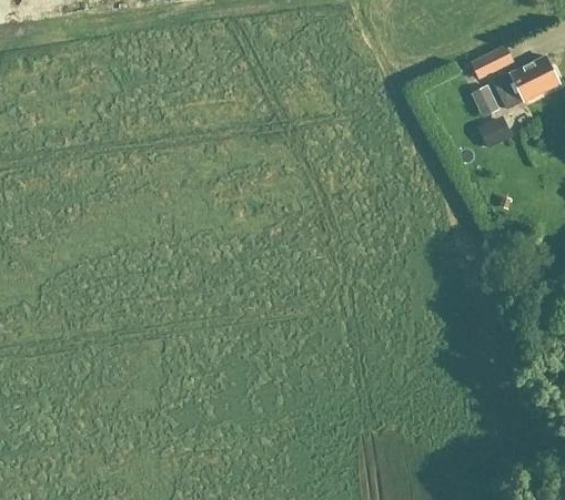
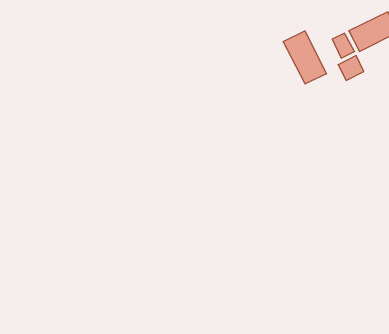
building: [471,44,514,79] -> none
building: none -> [283,31,326,84]

